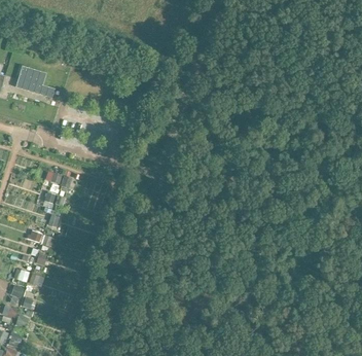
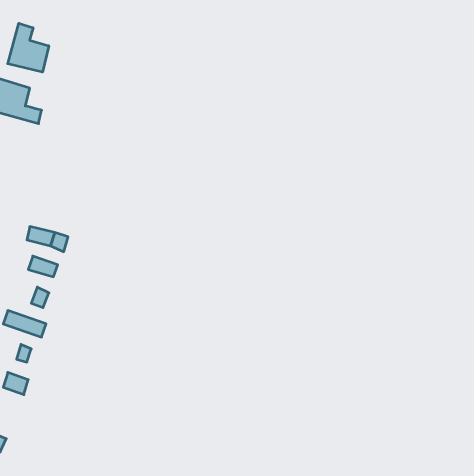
building: none -> [8,23,49,72]

